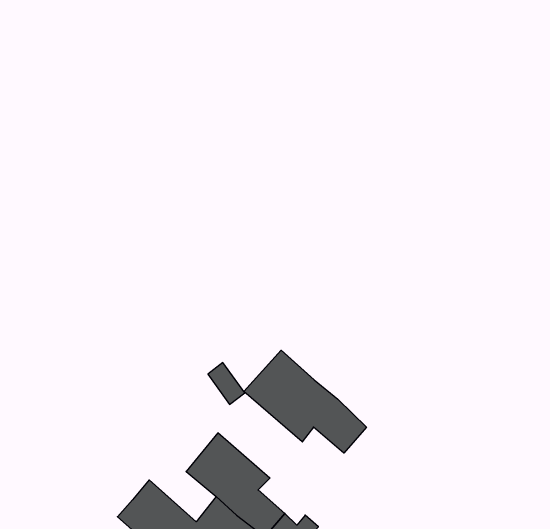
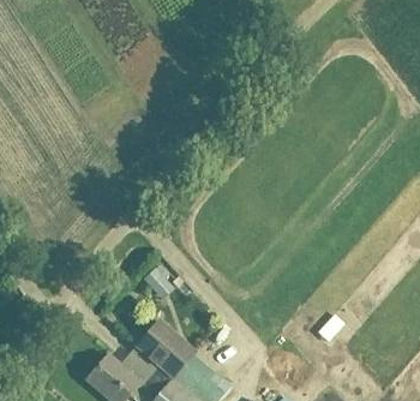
building: [244,350,366,453] -> none

